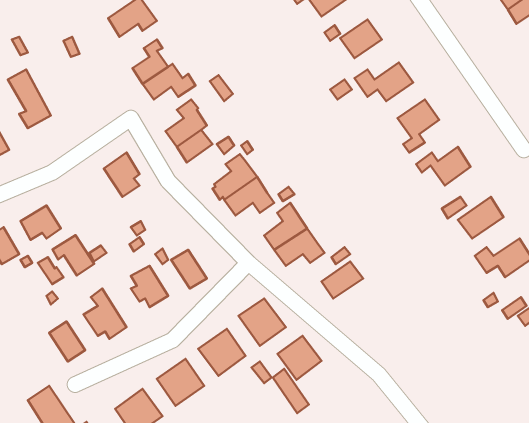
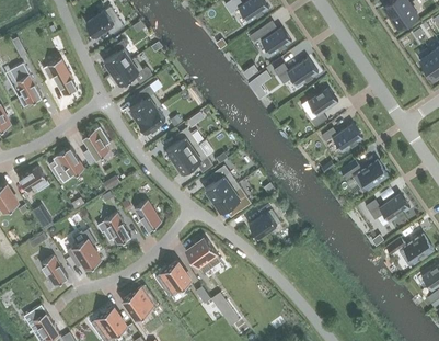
building: none -> [43,57,78,95]
building: [52,235,94,275] -> [53,147,84,178]
building: [278,336,322,380] -> none

